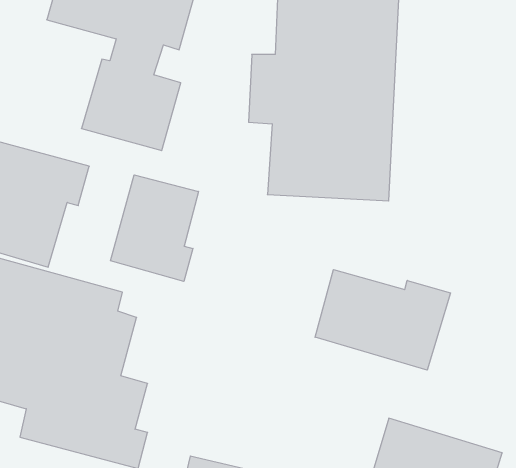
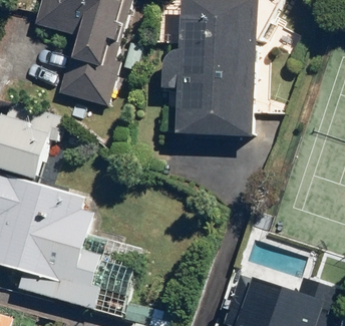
building: [110,175,198,281] -> none
building: [315,270,450,370] -> none

